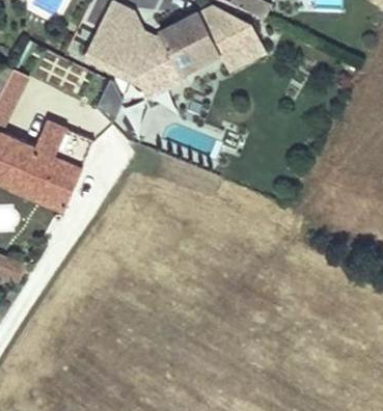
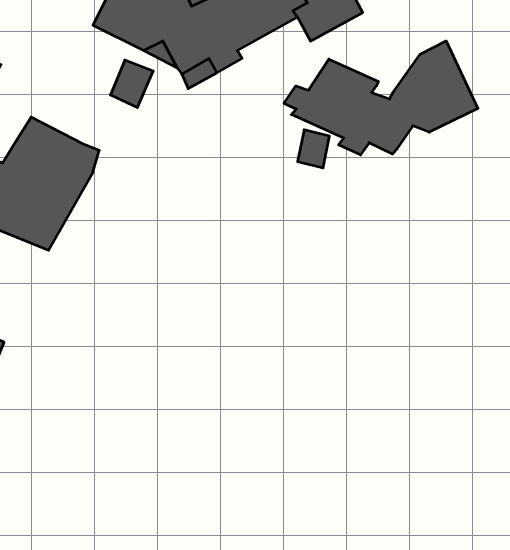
building: none -> [284,41,478,155]

